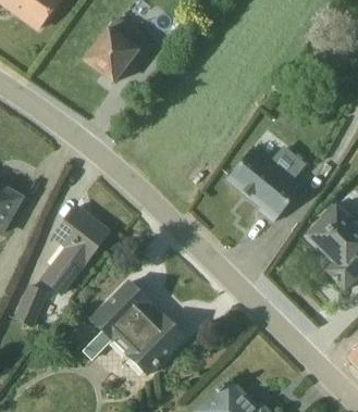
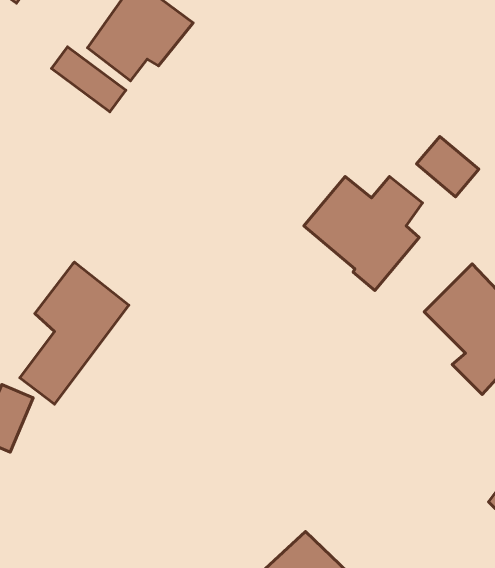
building: none -> [52,47,126,112]
building: none -> [417,136,479,197]
building: [83,277,187,376] -> none

